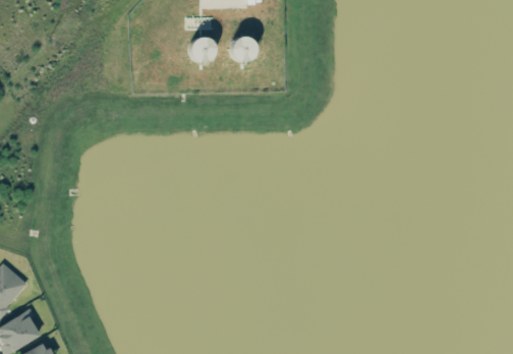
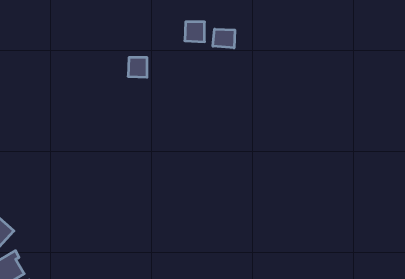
building: [189,39,212,62] -> [128,58,147,77]
building: none -> [213,29,235,48]

